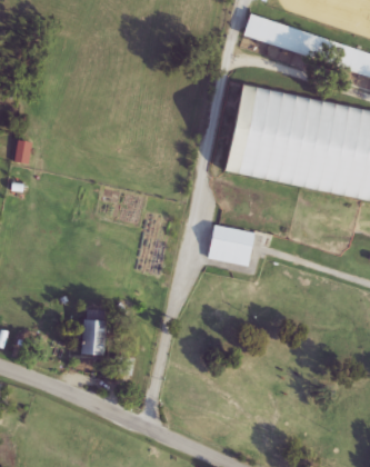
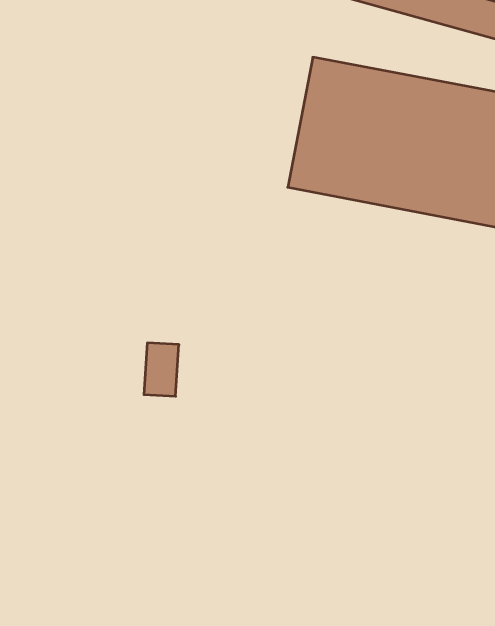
building: [209,226,252,262] -> none
building: [81,318,104,354] -> [144,343,179,396]

